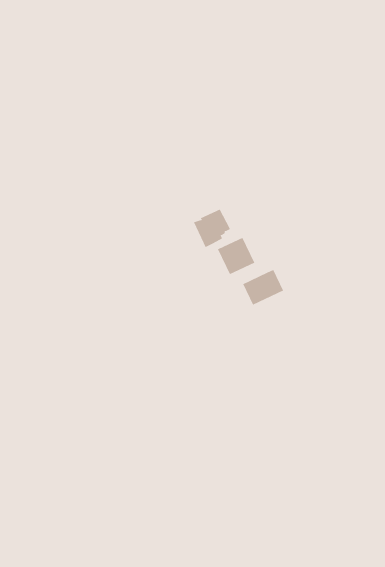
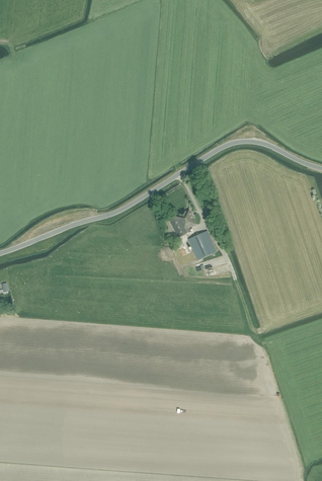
building: [242,269,284,306] -> none

